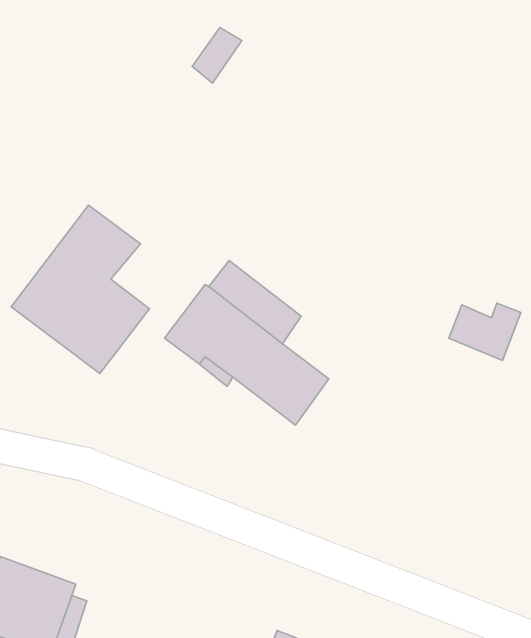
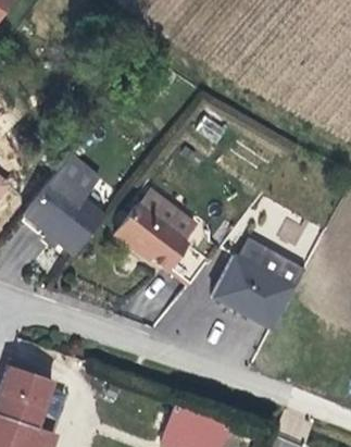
building: none -> [213,236,306,330]

